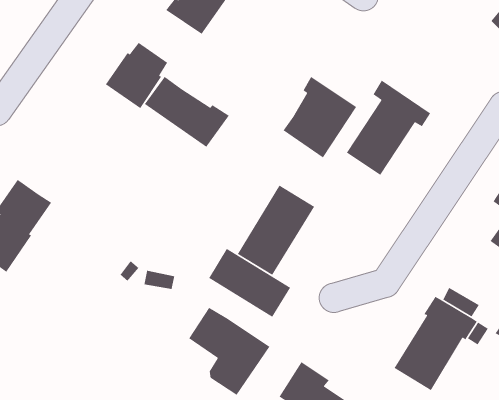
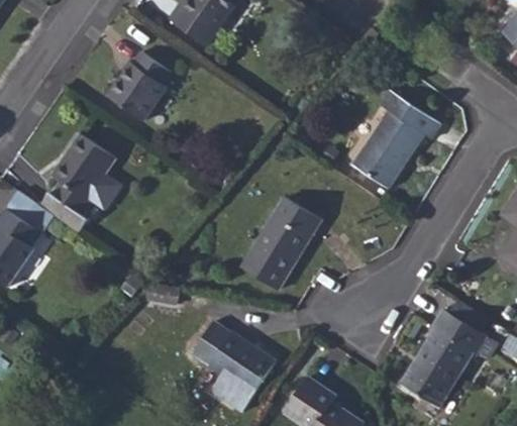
building: [144,76,230,148] -> none
building: [282,76,357,158] -> none
building: none -> [39,133,119,232]
building: [208,248,291,318] -> none

